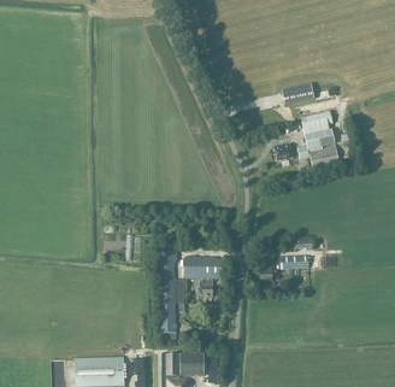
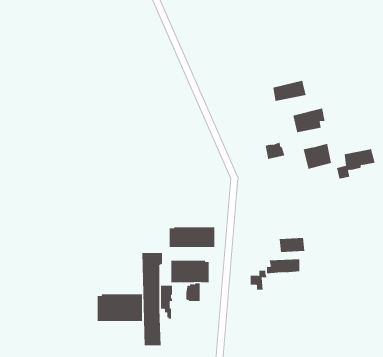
building: [297,129,335,159] -> [336,148,375,179]
building: none -> [169,226,215,248]
building: none -> [97,293,143,322]

